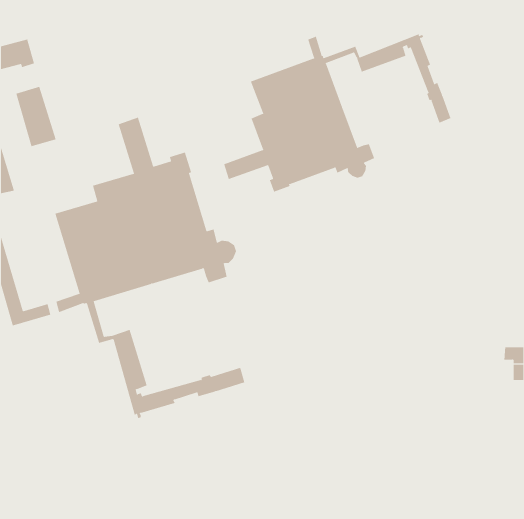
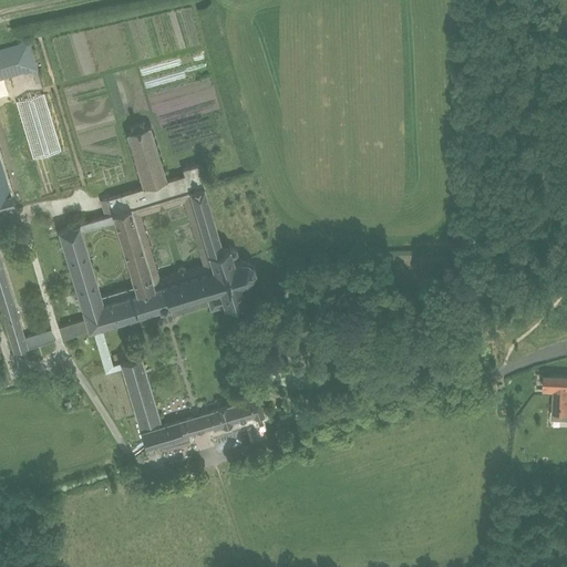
building: [223,34,451,193] -> none

